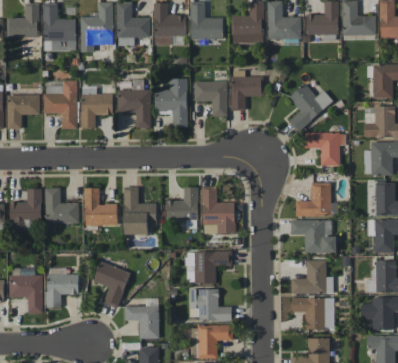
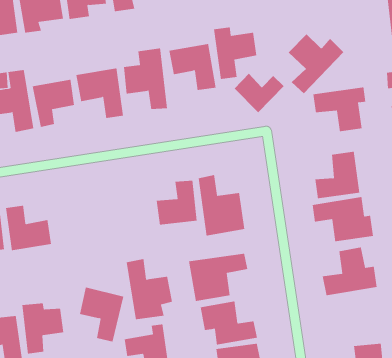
building: none -> [234,73,284,113]
building: [123,186,156,234] -> [126,258,173,320]
building: [84,187,117,225] -> none
building: [291,297,334,329] -> none

